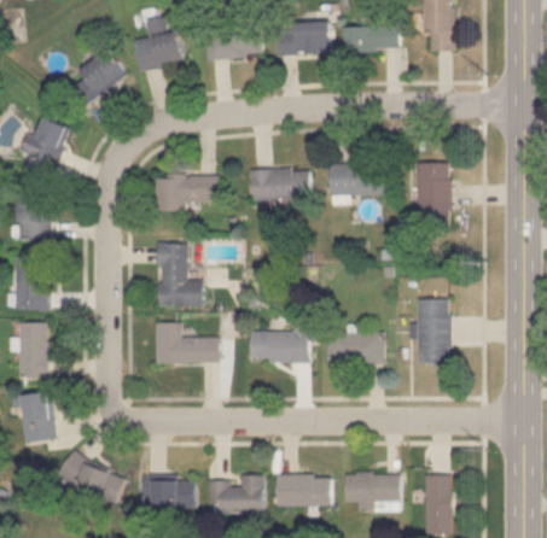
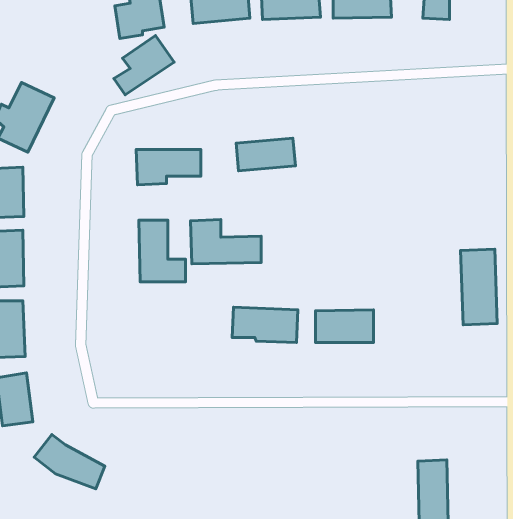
building: [69,49,127,106] -> [114,36,174,95]
building: [414,164,449,220] -> none
building: [331,165,386,194] -> none
building: [417,292,452,364] -> [461,249,497,325]
building: [152,322,220,364] -> [191,220,261,264]
building: [277,475,328,508] -> none
building: [345,475,397,515] -> none
building: [208,479,263,514] -> none
building: [152,483,192,505] -> none

